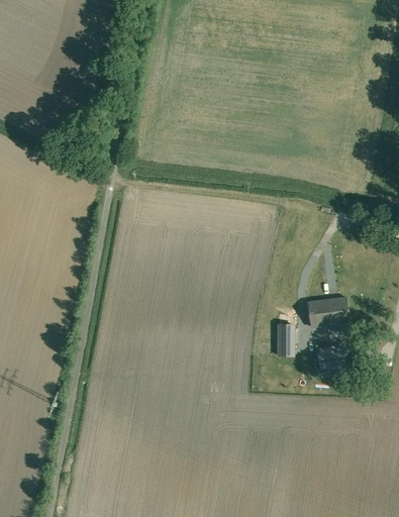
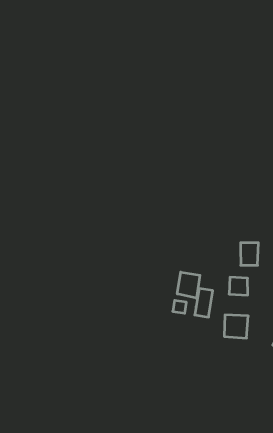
building: [326,295,348,322] -> [241,243,258,265]
building: none -> [177,272,200,298]

